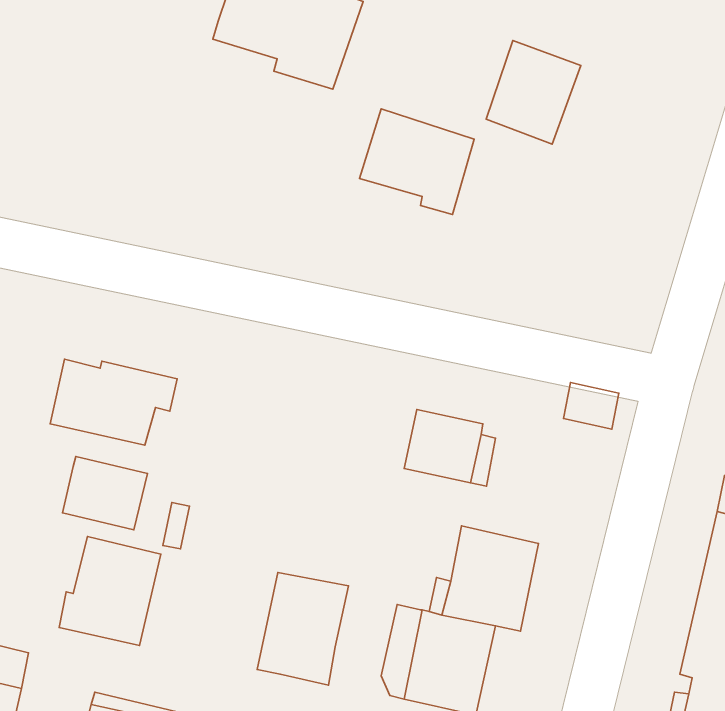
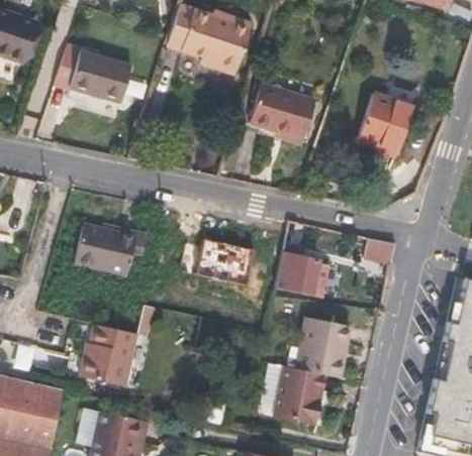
building: [486,40,581,144] -> [357,98,410,156]
building: none -> [56,47,130,101]
building: none -> [198,238,256,287]
building: [62,457,147,530] -> none
building: [257,573,349,685] -> none

